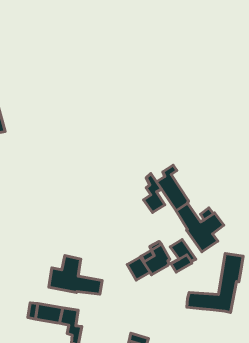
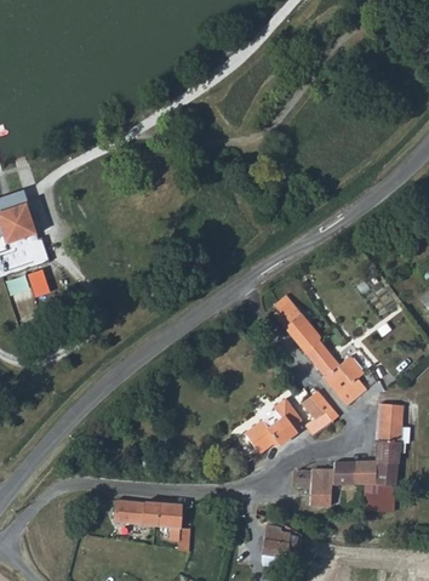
building: [144,173,165,212] -> none
building: [49,256,102,294] -> none
building: none -> [296,471,332,506]
building: none -> [362,484,394,511]

